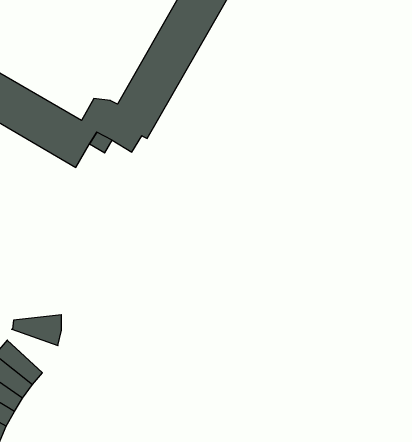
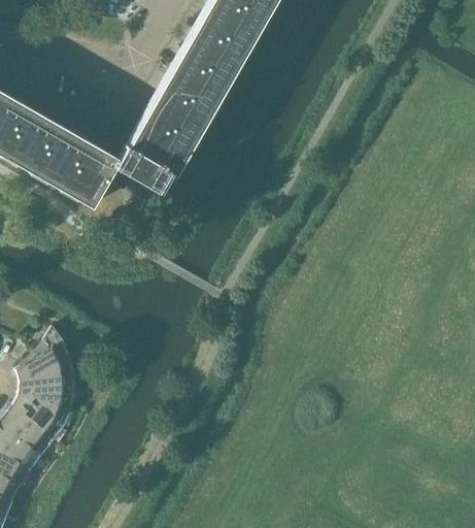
building: none -> [14,326,74,381]
building: none -> [12,392,70,440]

